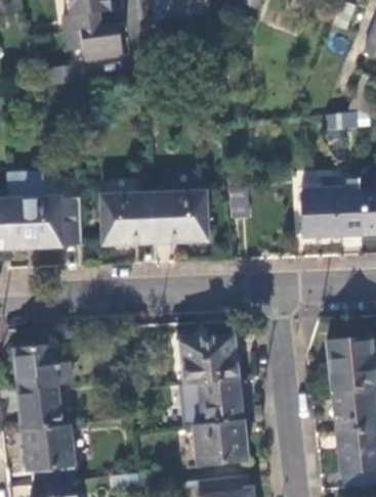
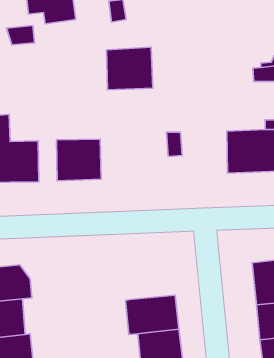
building: [150,193,204,243] -> [107,47,153,90]
building: [177,334,238,385] -> none

